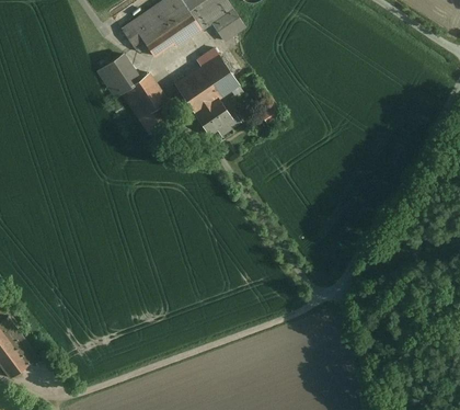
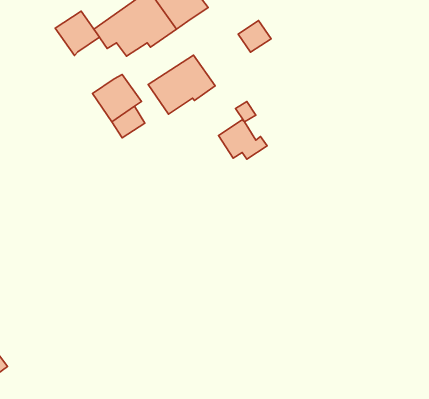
building: [211,9,243,39] -> [238,21,271,52]
building: [97,53,140,95] -> [55,11,99,55]
building: [193,96,240,135] -> [218,120,267,159]

